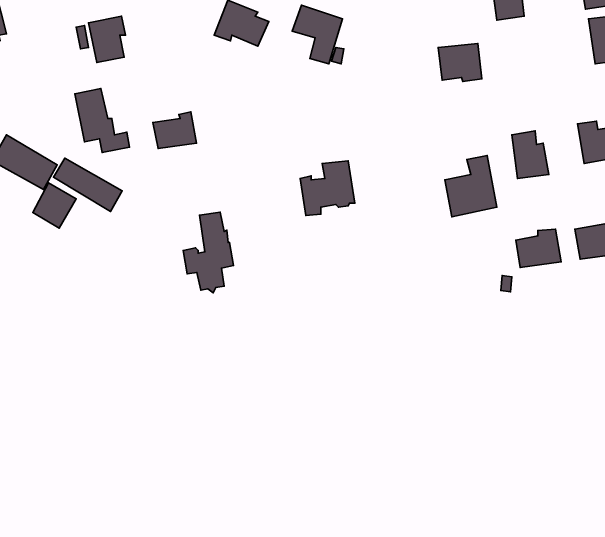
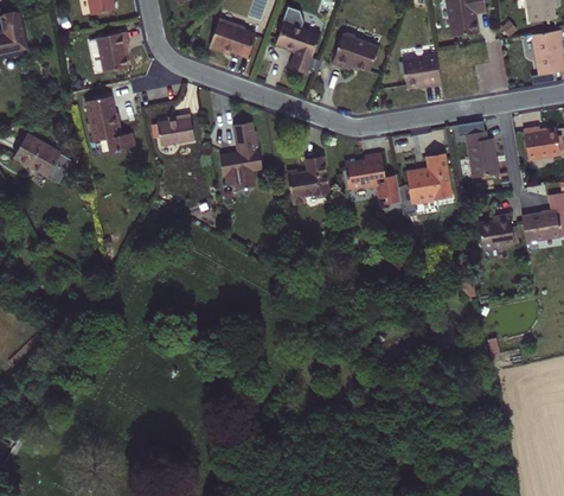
building: none -> [331,30,376,68]
building: none -> [341,152,398,203]
building: [53,158,122,211] -> none
building: [33,183,76,228] -> none
building: [183,212,234,293] -> [220,121,264,191]

